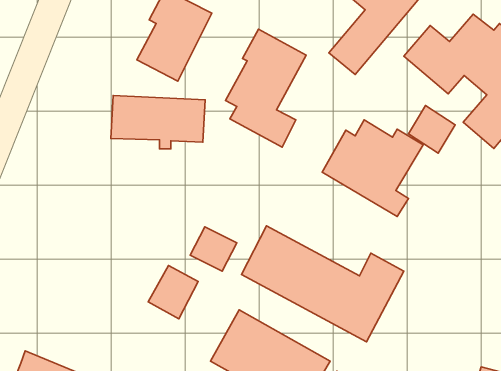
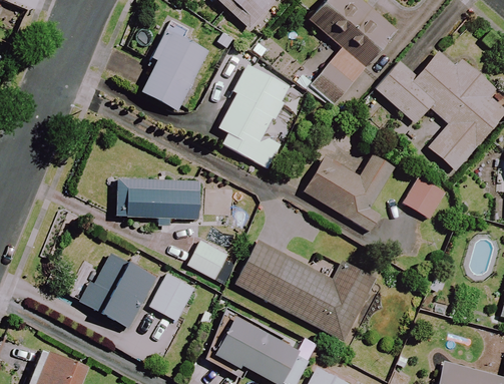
building: [111,95,205,149] -> [117,178,200,226]
building: [409,106,455,153] -> [404,176,445,219]
building: none -> [84,253,156,328]

